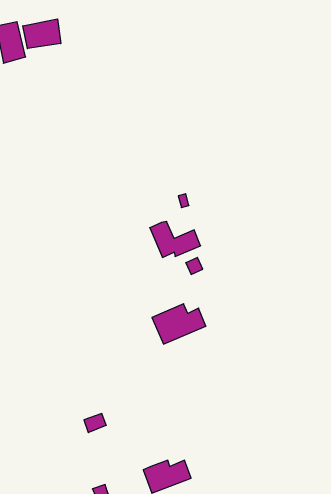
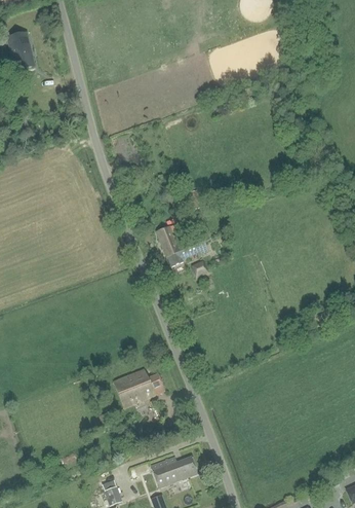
building: [23,19,61,49] -> none
building: [152,304,206,344] -> [112,369,164,408]

